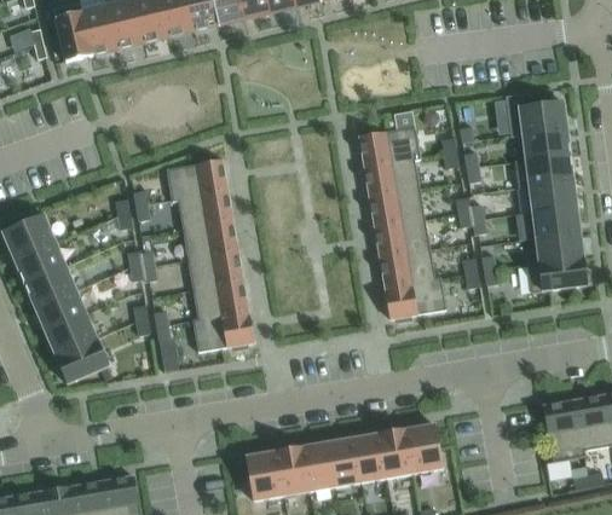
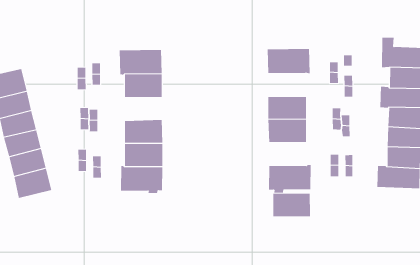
building: [364,160,420,198] -> none
building: [183,221,237,260] -> none
building: [380,249,434,288] -> [272,193,311,217]

